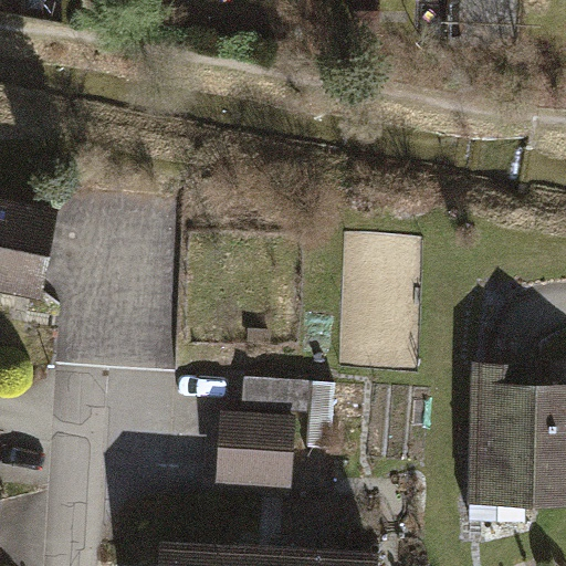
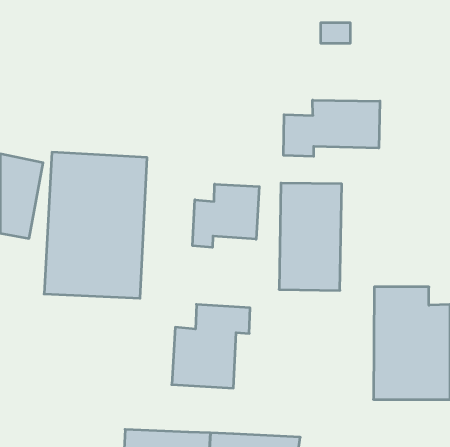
building: none -> [284,100,380,156]
building: none -> [193,184,259,247]

